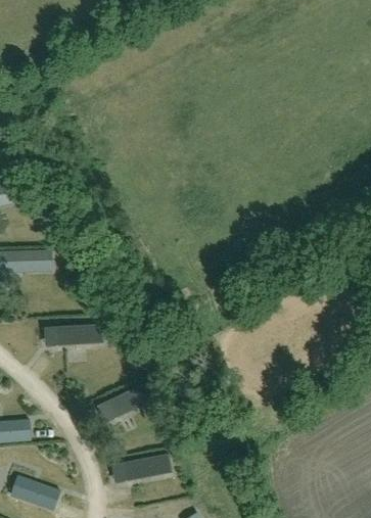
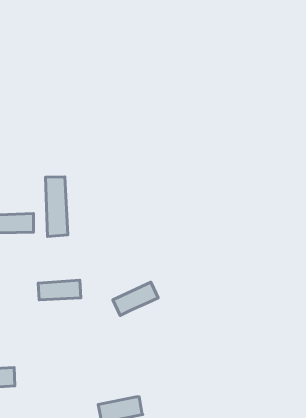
building: none -> [45,177,68,236]
building: [104,381,154,418] -> [113,282,158,316]

